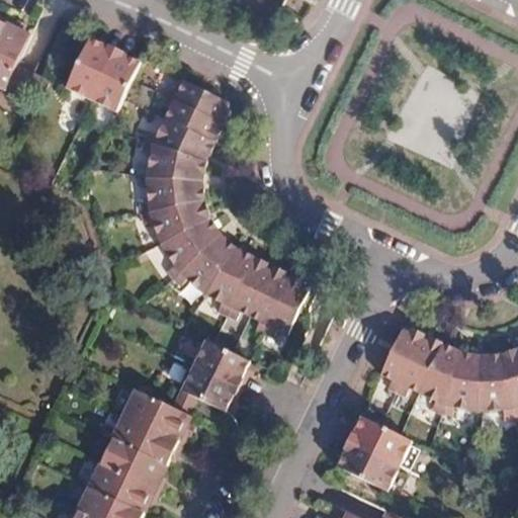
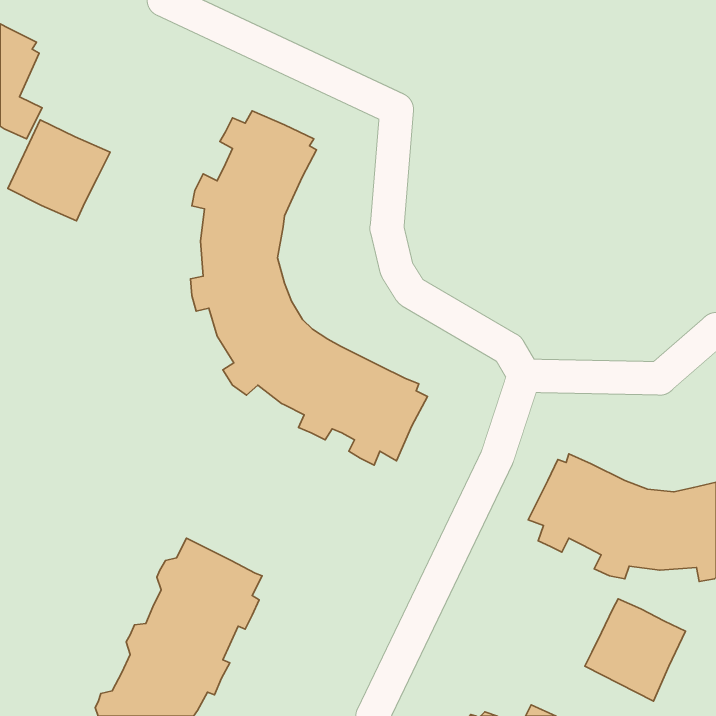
building: [66,37,140,110] -> [8,120,110,221]
building: [167,337,247,414] -> none
building: [338,417,411,491] -> [585,599,686,701]

